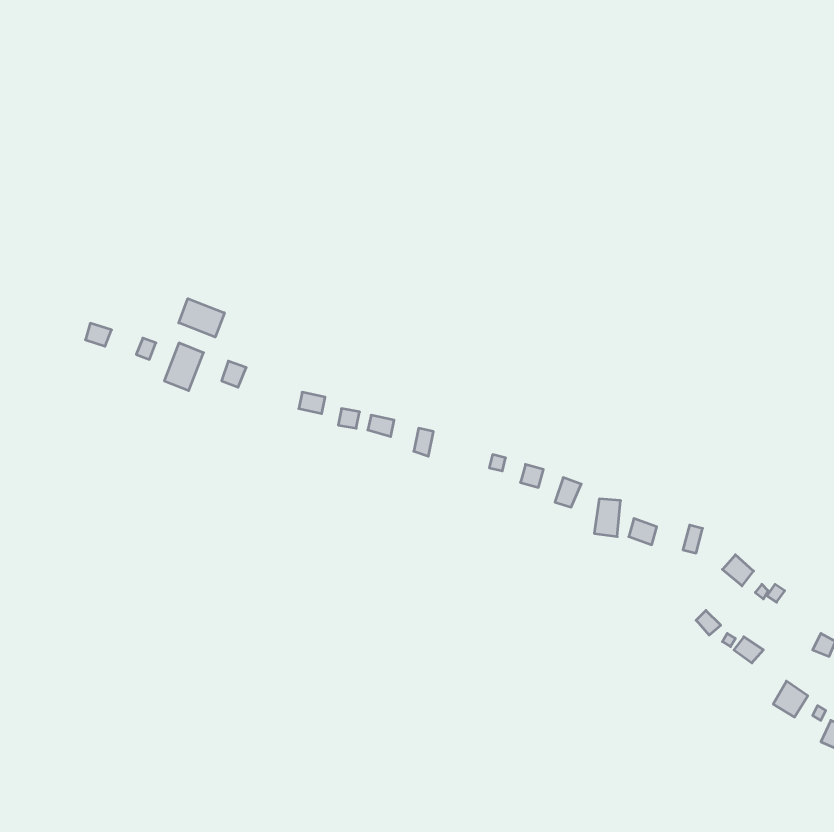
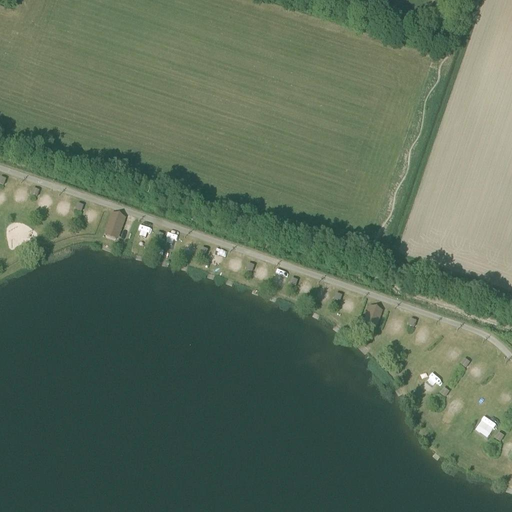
building: [179,299,224,337] -> none

